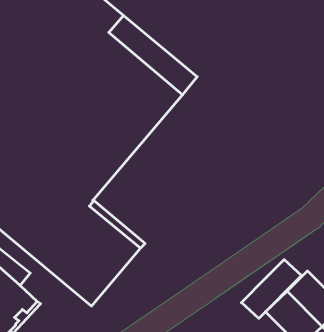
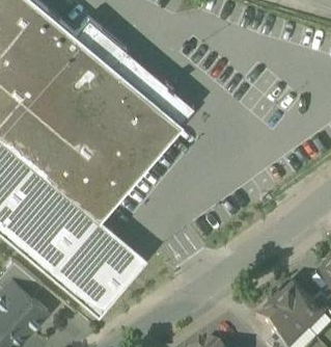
building: [241,260,302,318] -> none

